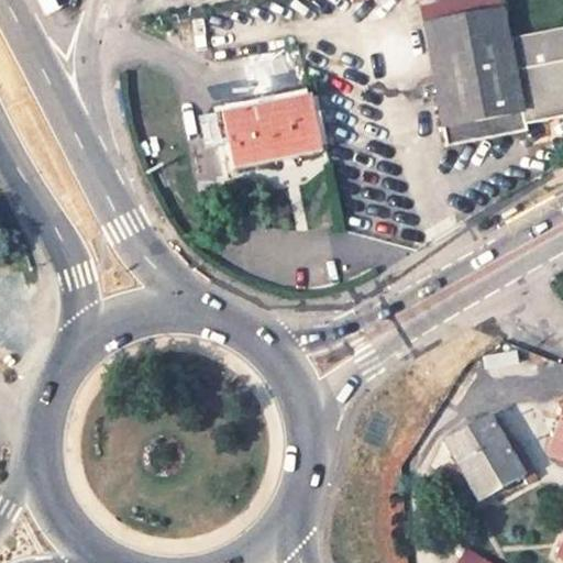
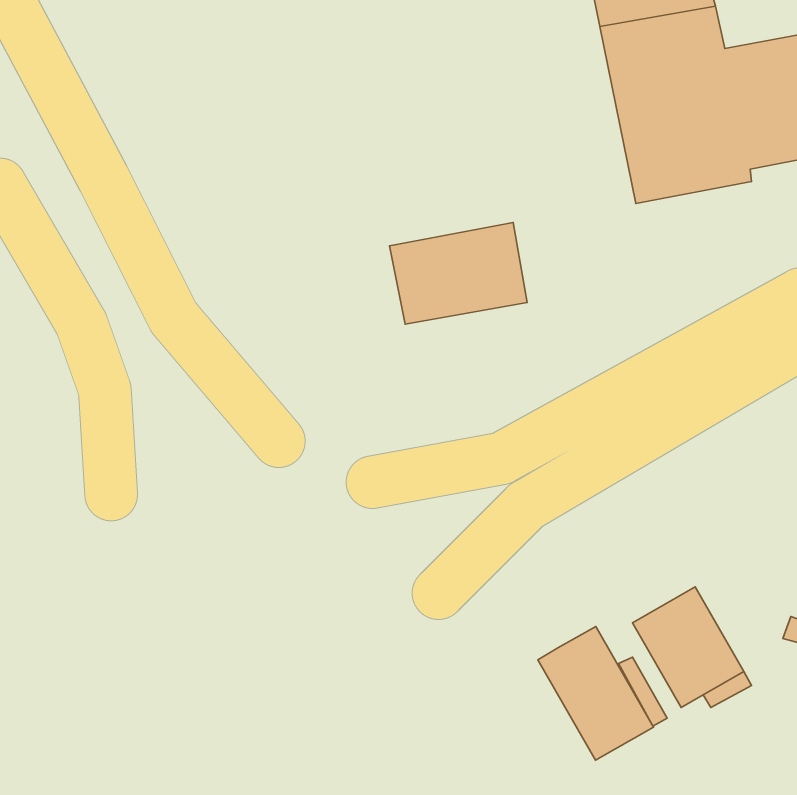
building: [224,92,321,164] -> [389,223,527,324]
building: none -> [538,626,653,760]

